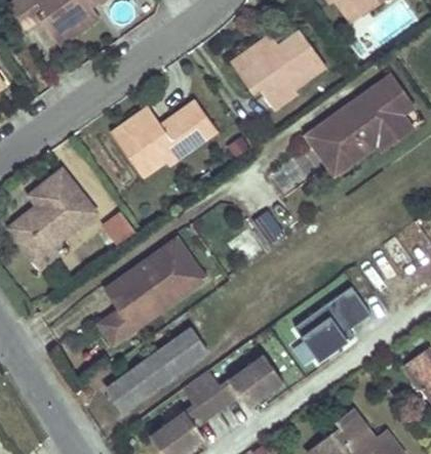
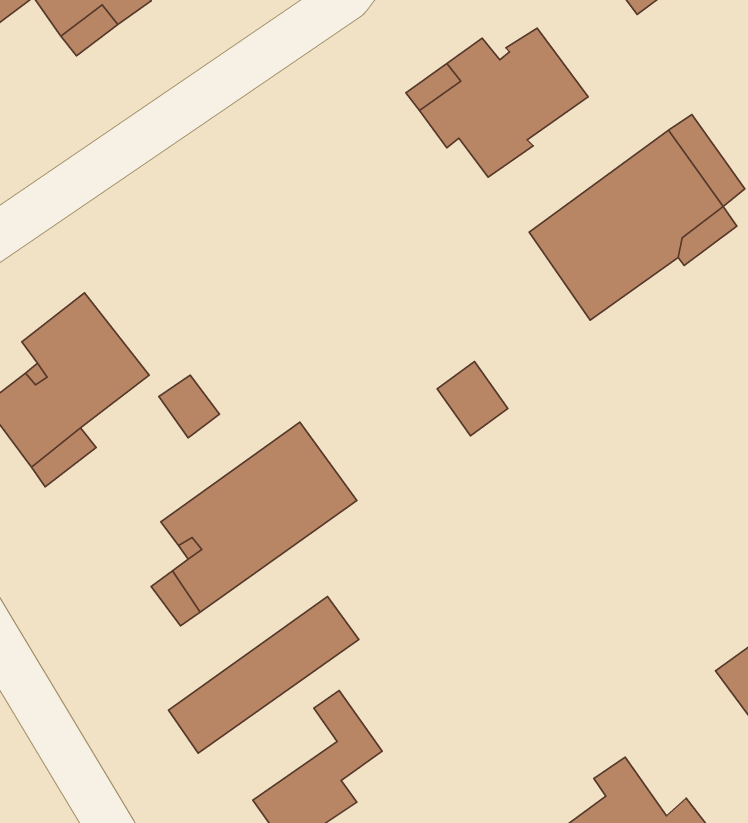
building: [112,99,220,177] -> none
building: [297,285,374,361] -> none
building: [197,354,284,409] -> none

